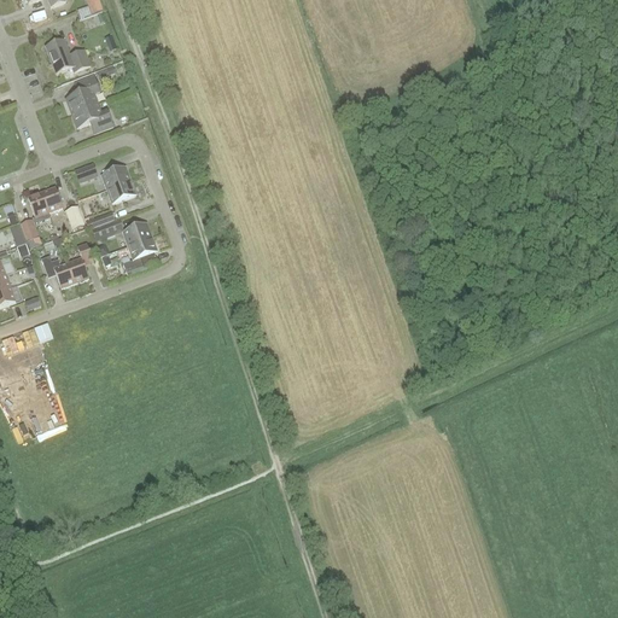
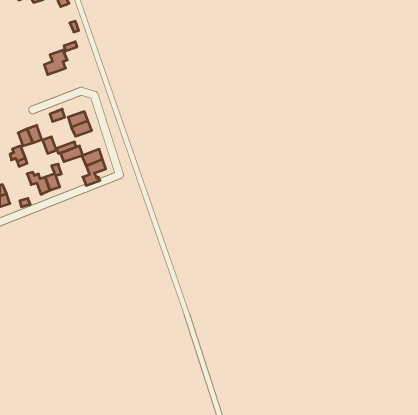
building: [45,36,89,71] -> none
building: [70,100,112,130] -> none

